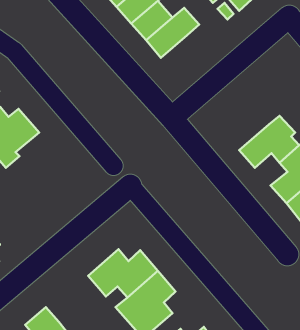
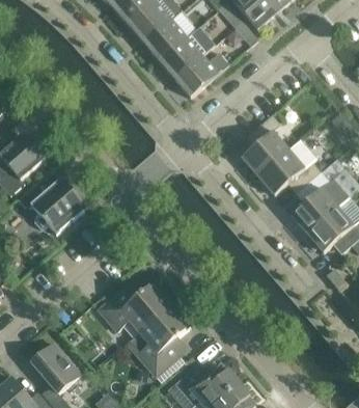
building: none -> [174,52,228,98]
building: none -> [242,114,288,176]
building: none -> [18,175,87,234]

